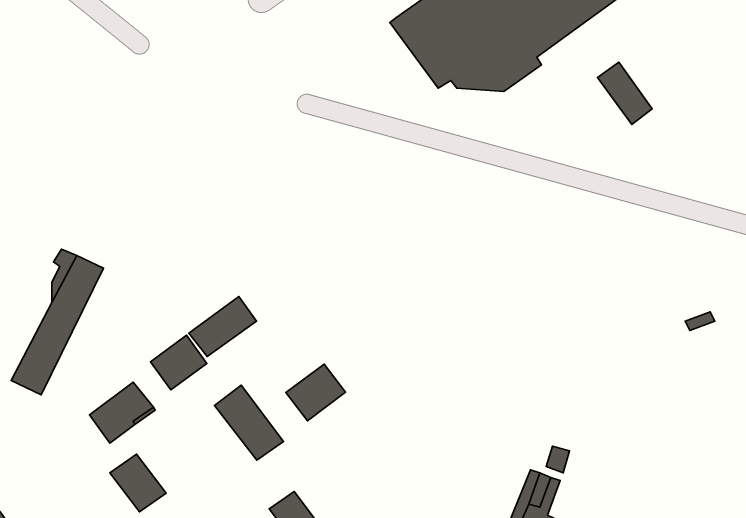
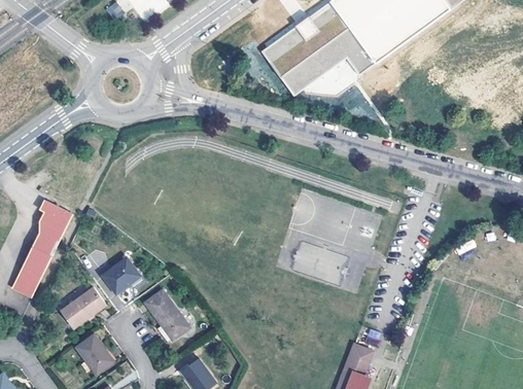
building: [598,62,652,125] -> none
building: [189,296,257,357] -> none
building: [286,364,346,421] -> none

